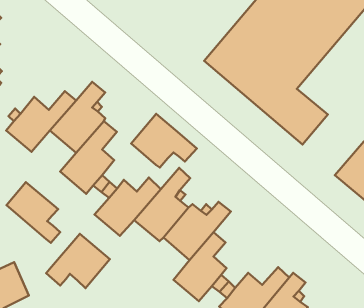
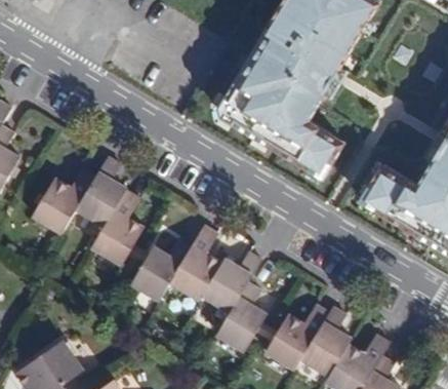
building: [131,114,197,167] -> none
building: [6,182,60,243] -> none
building: [46,234,110,288] -> none

